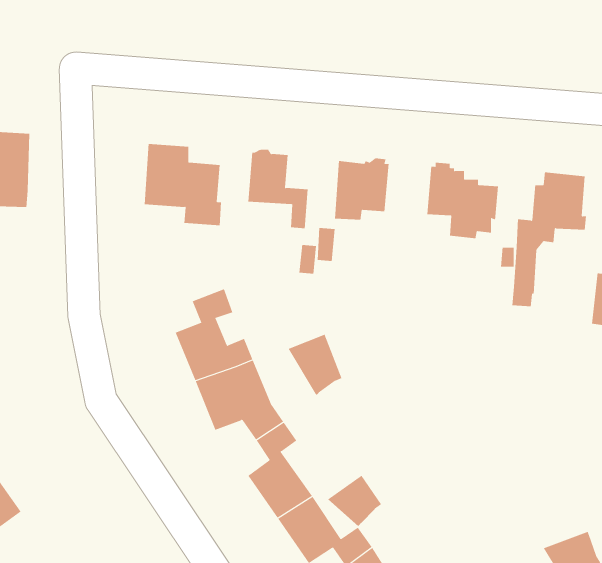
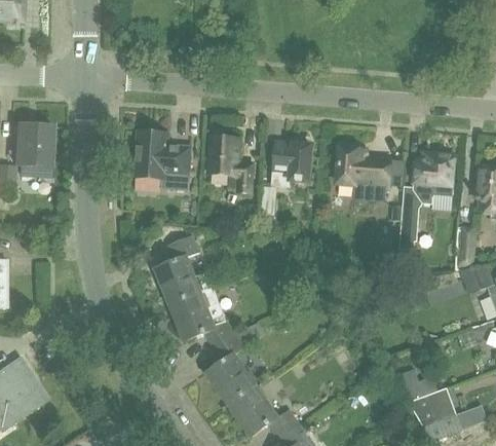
building: [288,334,342,396] -> none
building: [327,475,382,527] -> none
building: none -> [409,387,455,424]

